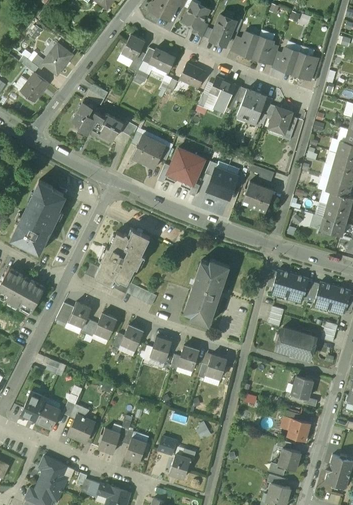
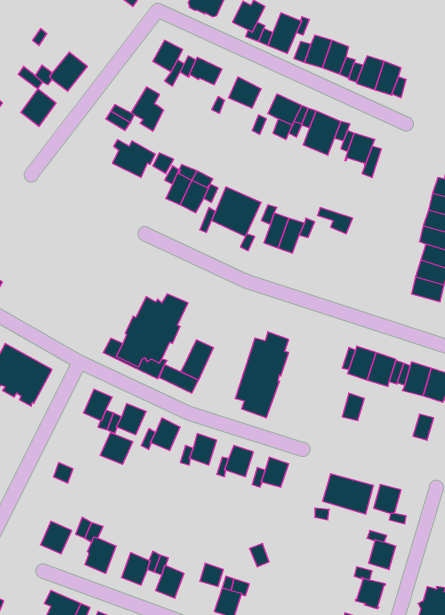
building: [71,102,96,136] -> [131,87,164,131]
building: [11,181,63,253] -> none
building: [242,181,274,212] -> none
building: none -> [181,340,213,380]
building: [276,328,315,359] -> [323,474,374,514]
building: none -> [100,432,133,464]
building: [21,391,46,422] -> none

